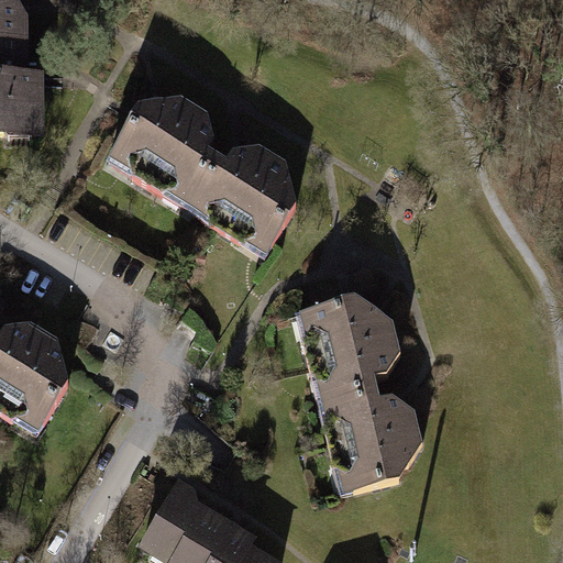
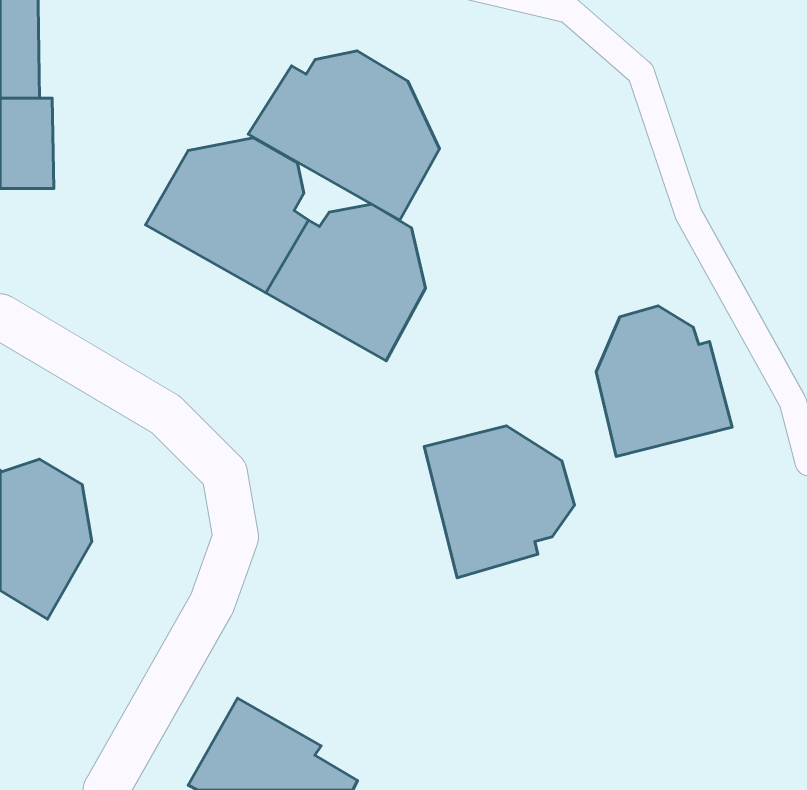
building: none -> [248,51,440,220]
building: none -> [596,306,732,457]
building: [319,385,422,492] -> none

